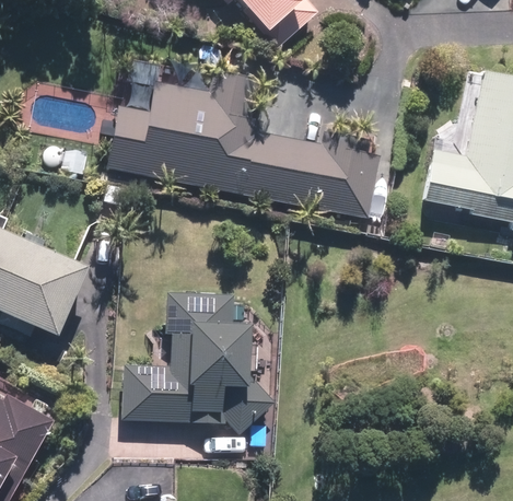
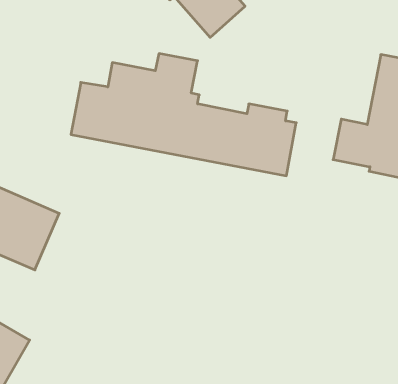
building: [120,290,272,434] -> none

